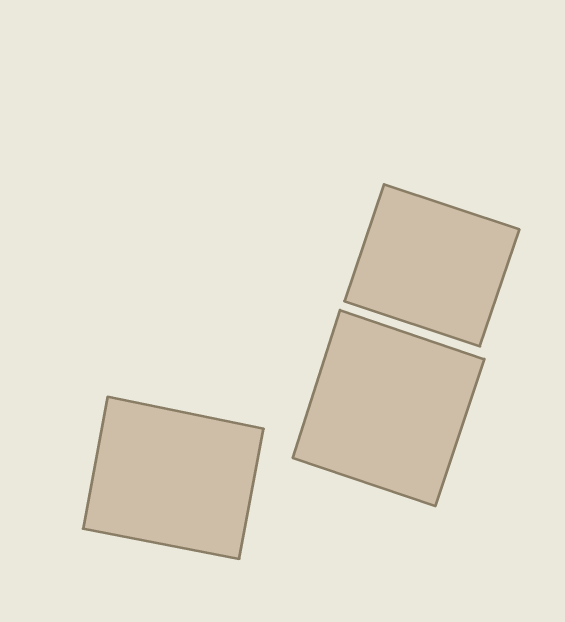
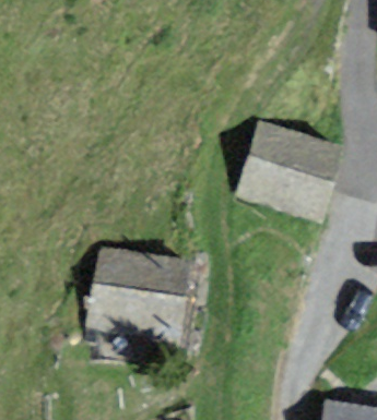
building: [293,310,484,506] -> none

